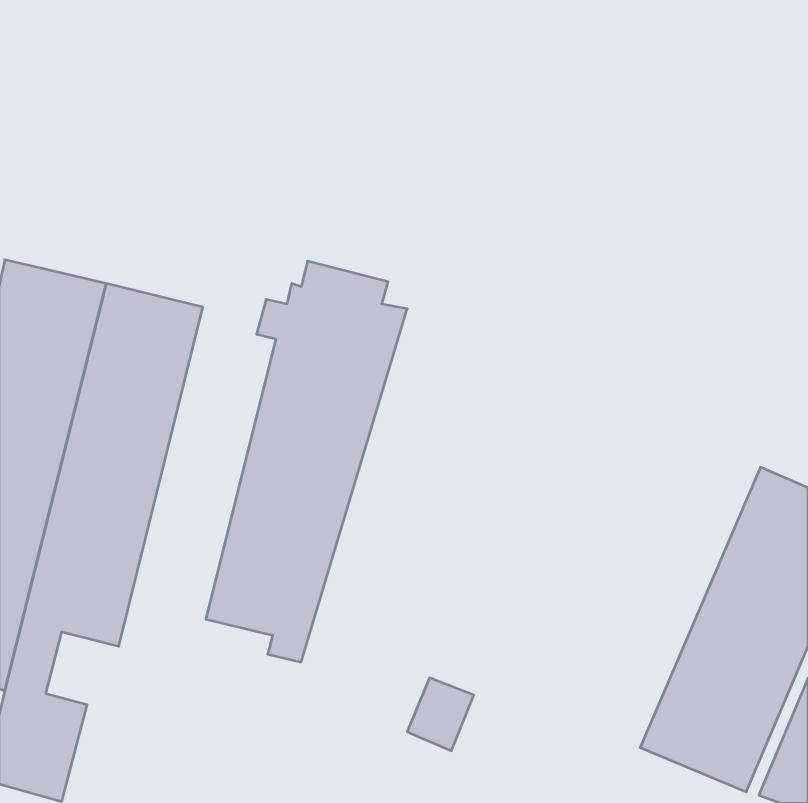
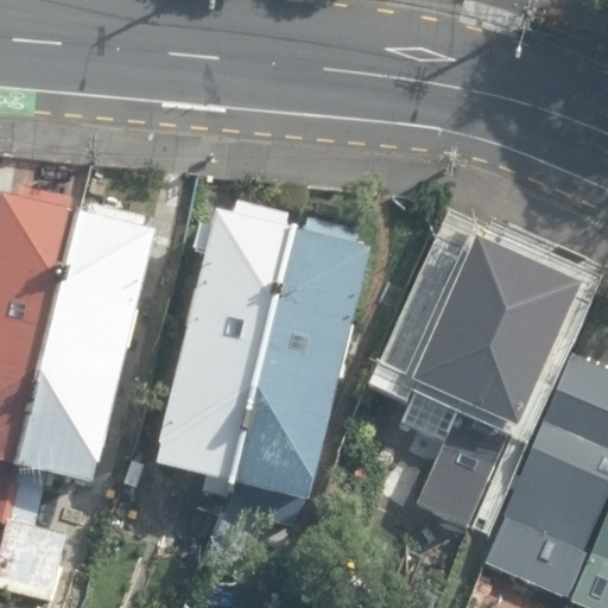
building: none -> [200,217,369,576]
building: none -> [401,233,583,526]

